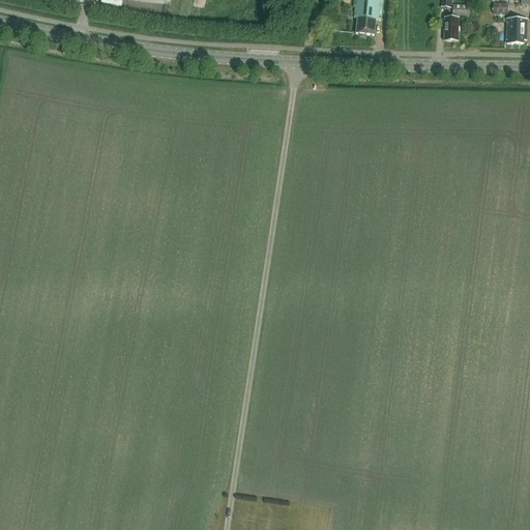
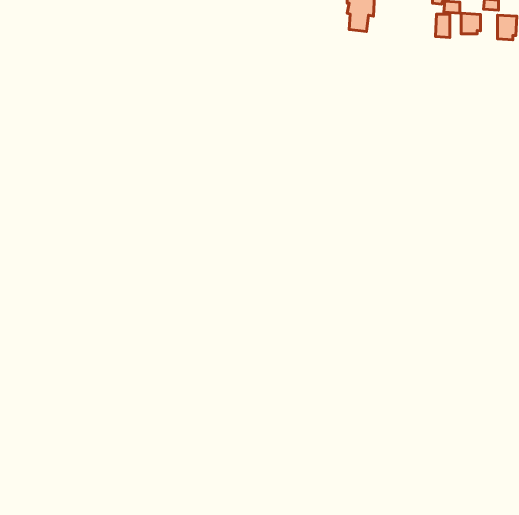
building: none -> [461,13,481,34]

